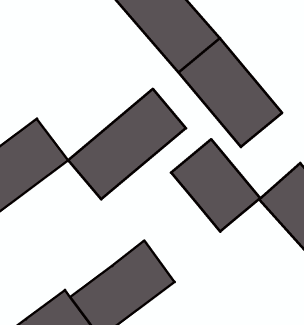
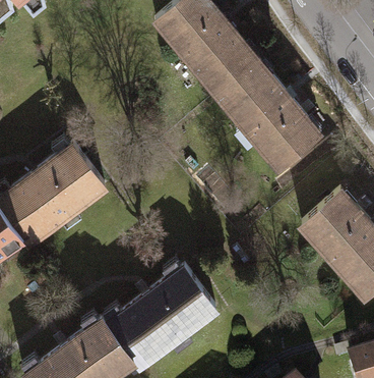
building: [68,89,186,199] -> none
building: [171,139,260,232] -> none

